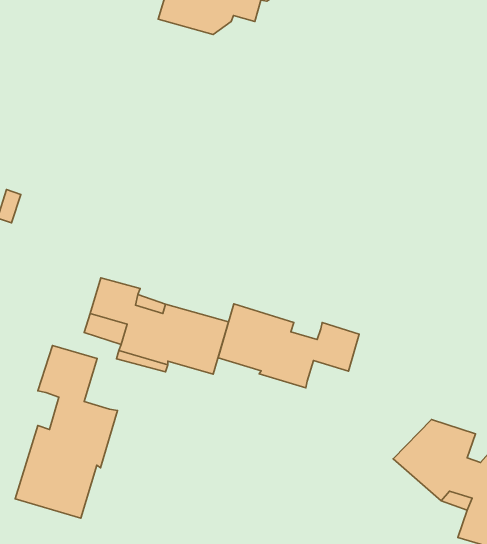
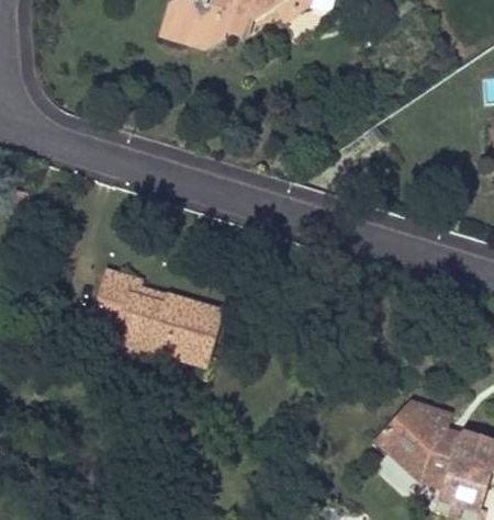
building: [218,304,359,388] -> none
building: [15,346,117,518] -> none

